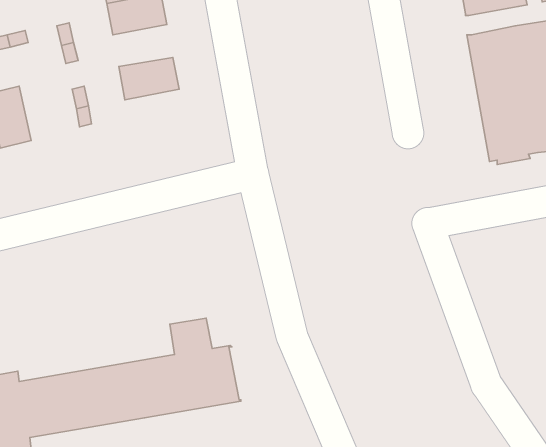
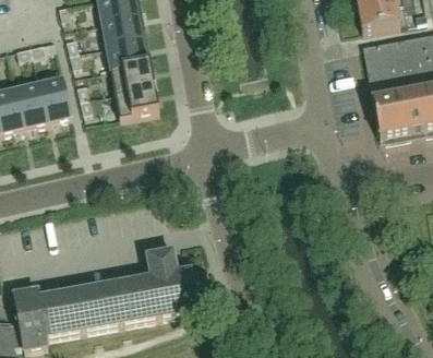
building: none -> [107,39,151,70]
building: none -> [39,79,72,123]
building: none -> [116,86,159,119]

